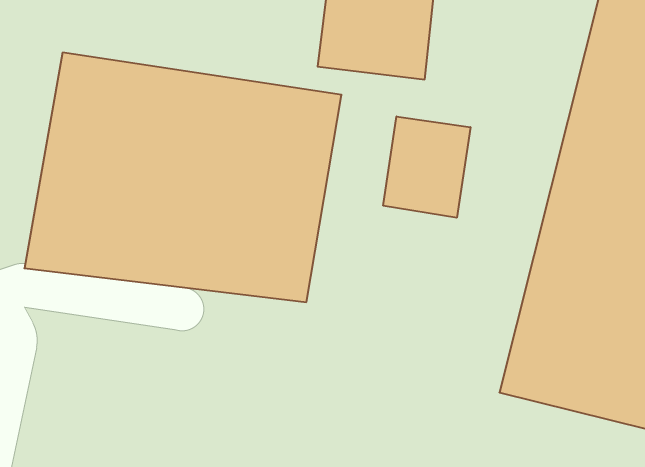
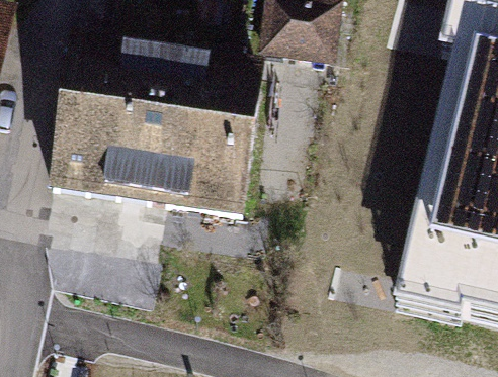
building: [383,116,470,218] -> none

